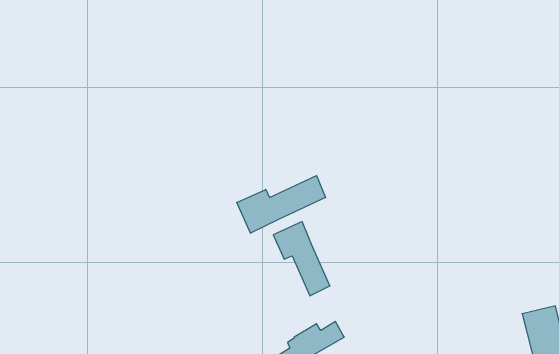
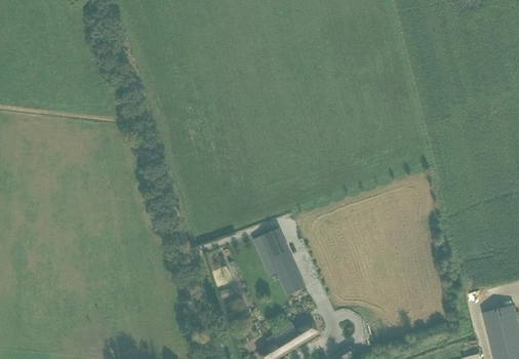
building: [237,176,326,233] -> none

